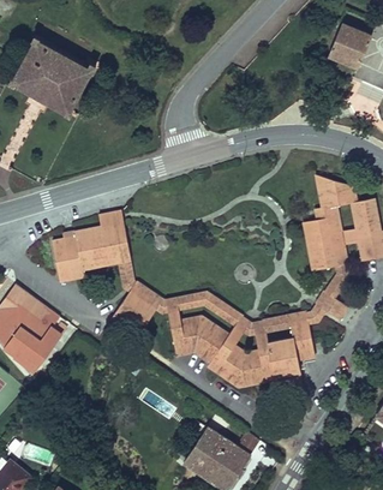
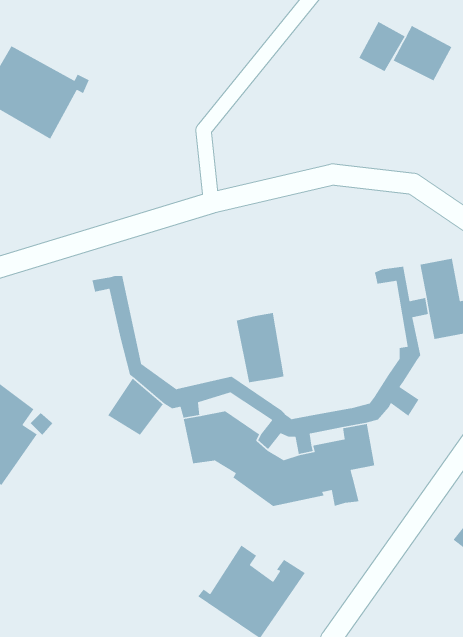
building: none -> [358,21,406,72]
building: [315,177,357,208] -> none
building: [303,217,340,271] -> [236,312,285,383]
building: [54,223,121,281] -> none

